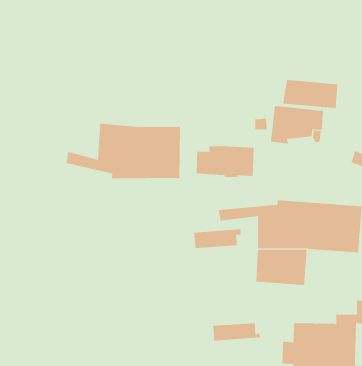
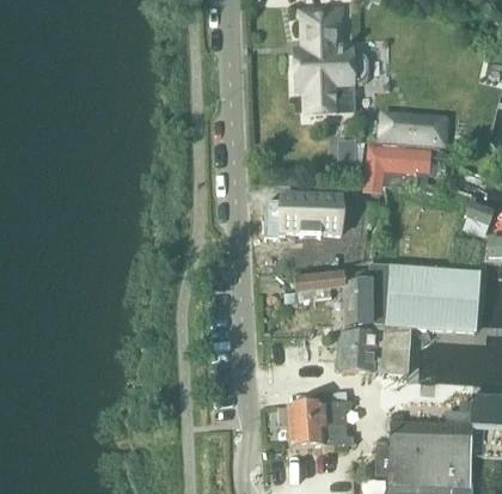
building: none -> [293,14,374,114]
building: [66,123,180,179] -> none
building: [193,229,242,248] -> [286,400,348,425]

